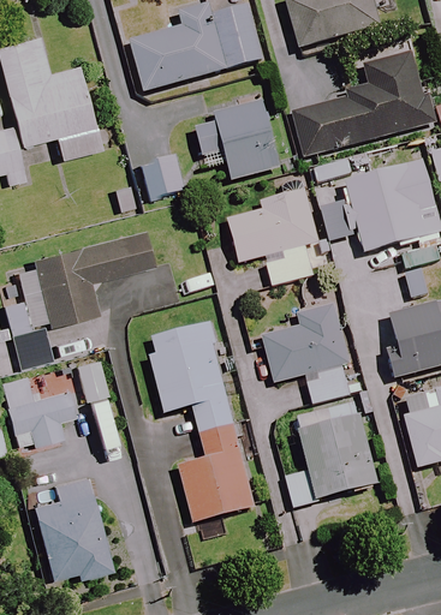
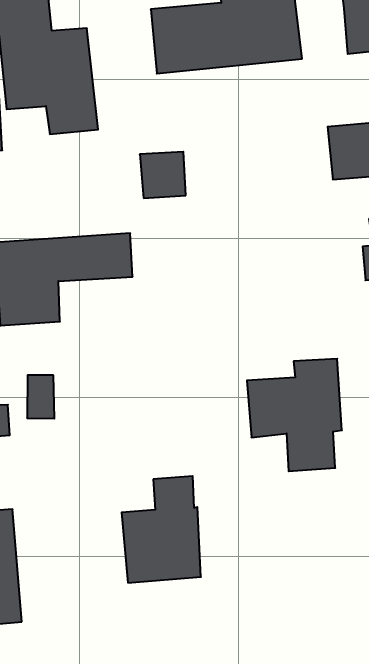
building: [197,101,279,179] -> none
building: [227,178,320,286] -> none
building: [150,320,232,431] -> none
building: [284,400,379,508] -> none

